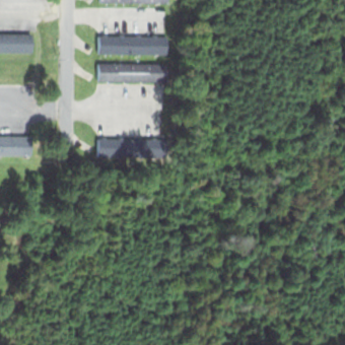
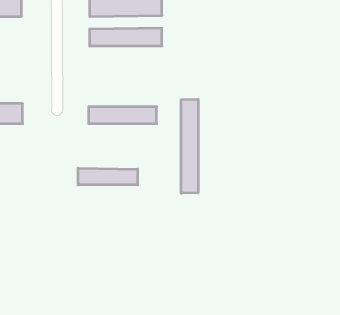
building: none -> [181,99,198,193]
building: none -> [78,168,138,185]

